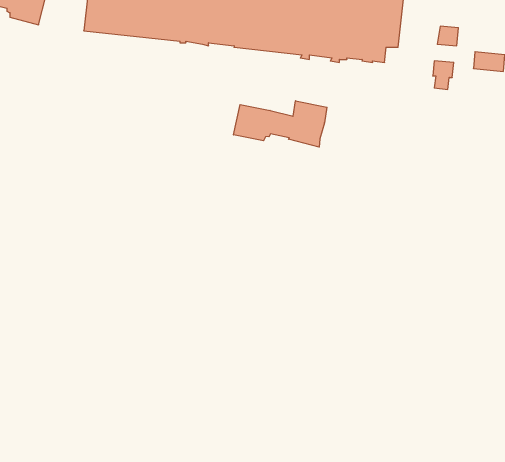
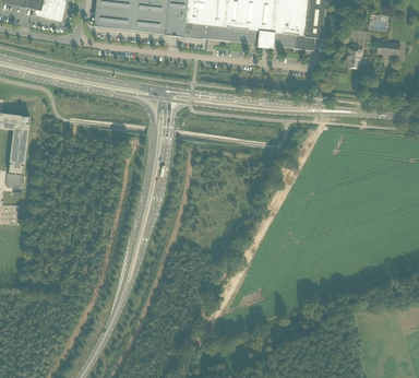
building: [234,101,327,147] -> none

